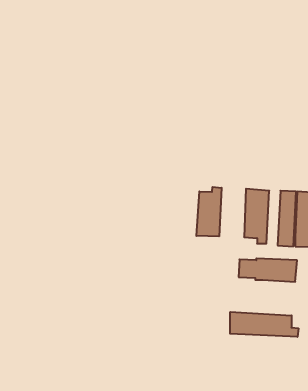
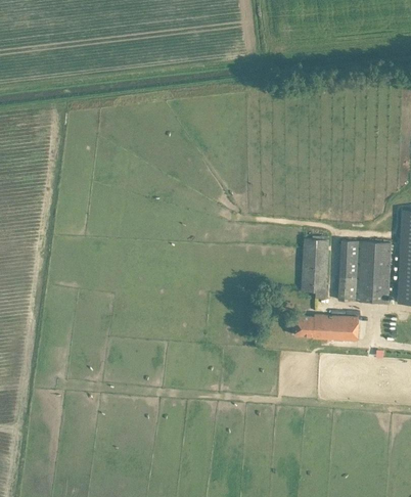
building: [196,187,222,236] -> none
building: [230,312,298,337] -> none

